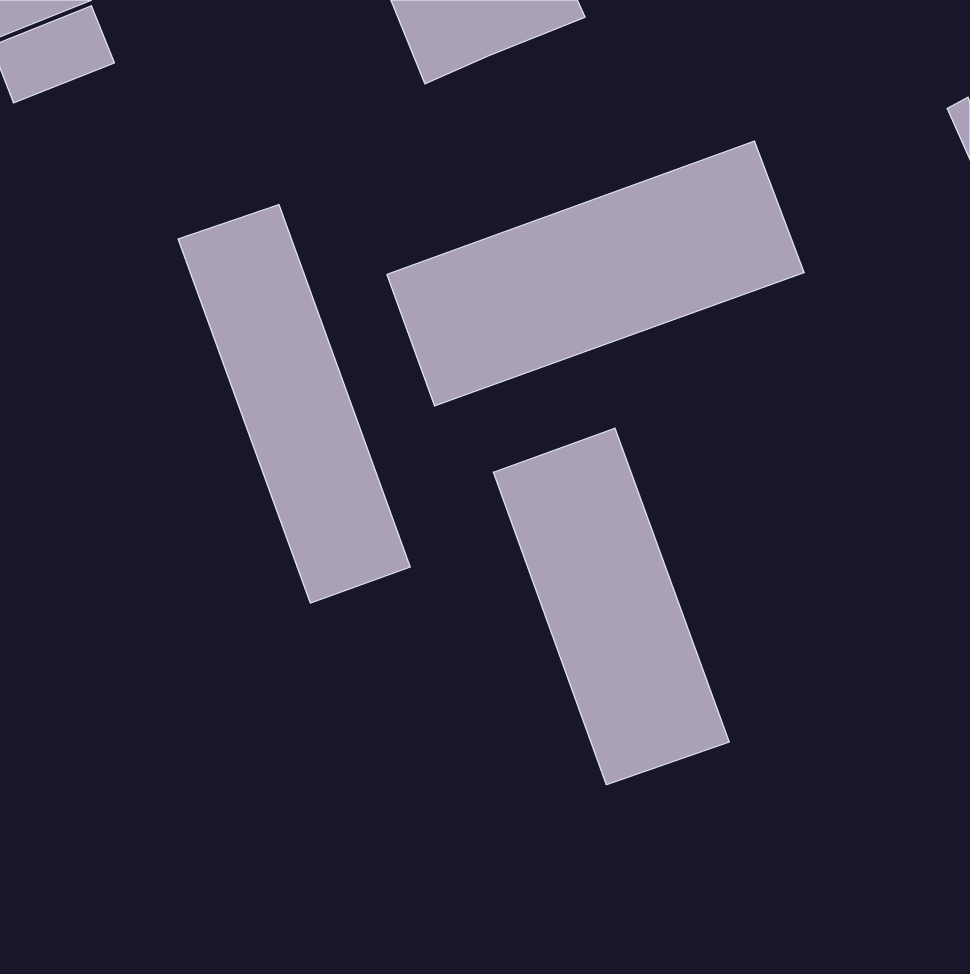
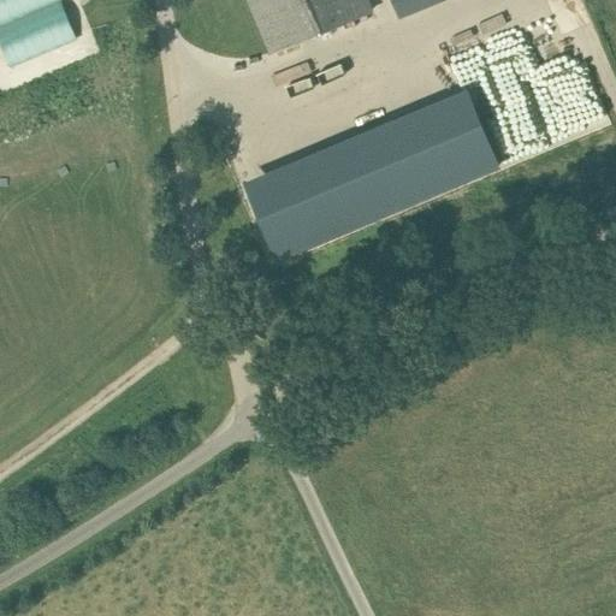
building: [178,204,410,603] -> none
building: [493,428,729,785] -> none

